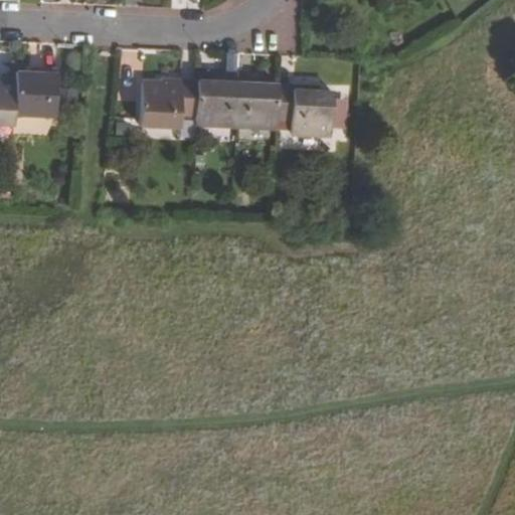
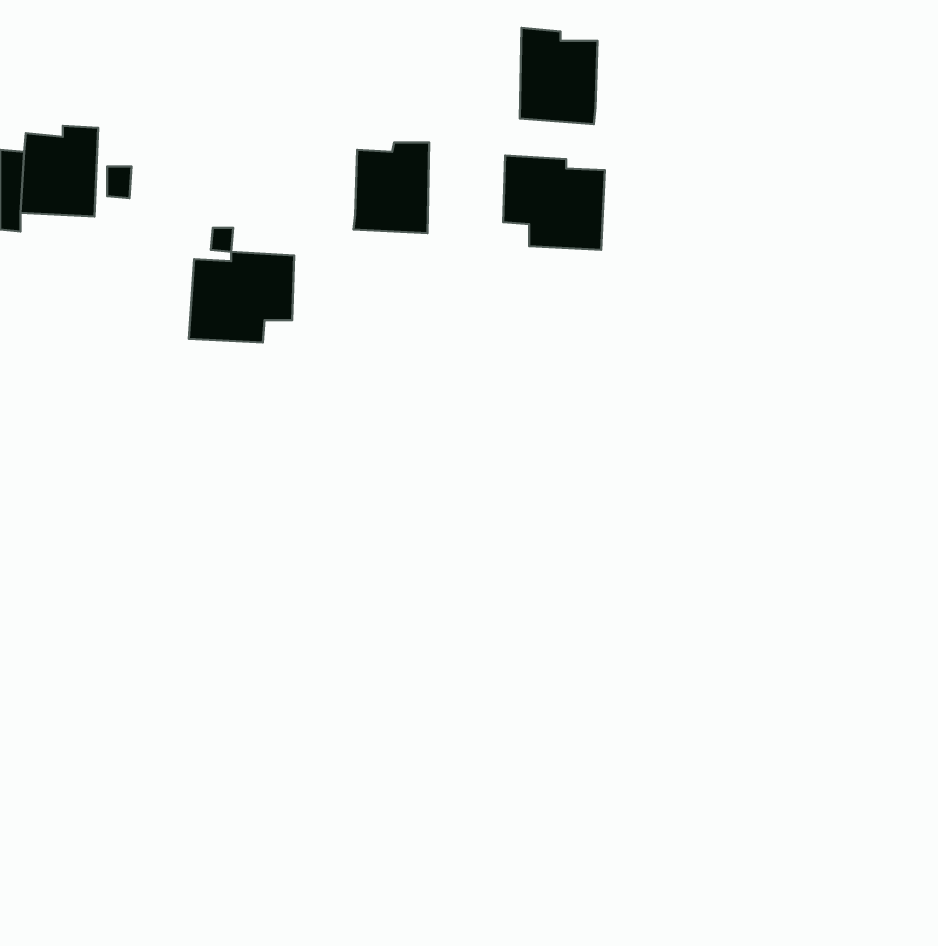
building: [236,77,279,130] -> [520,28,597,124]
building: [141,79,198,129] -> [189,252,294,342]

